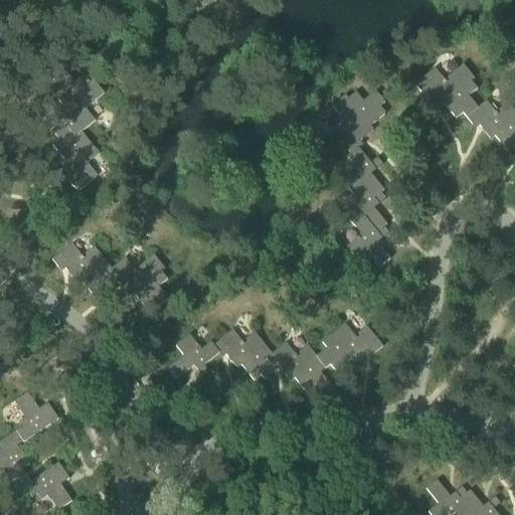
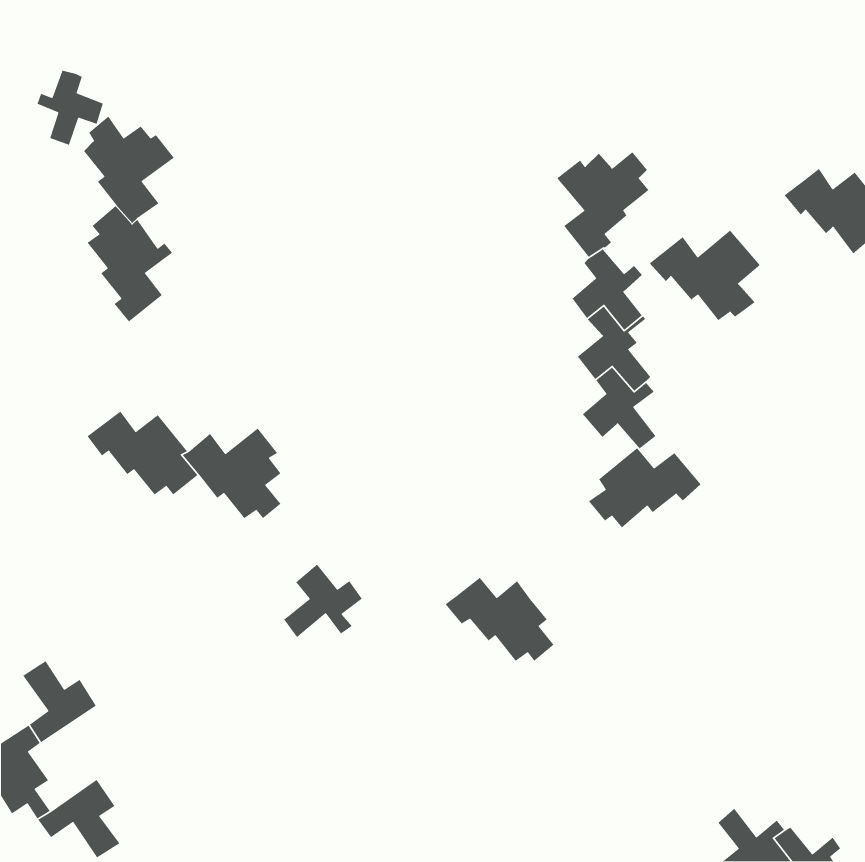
building: none -> [37,70,104,146]
building: [414,63,481,118] -> [649,229,761,321]
building: [316,323,383,371] -> [588,447,702,528]
building: [208,327,275,379] -> none

